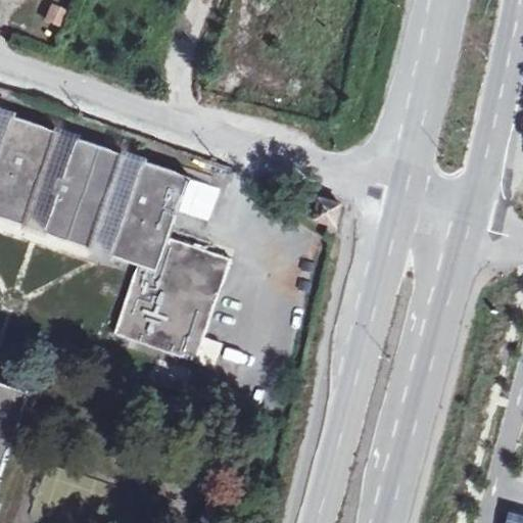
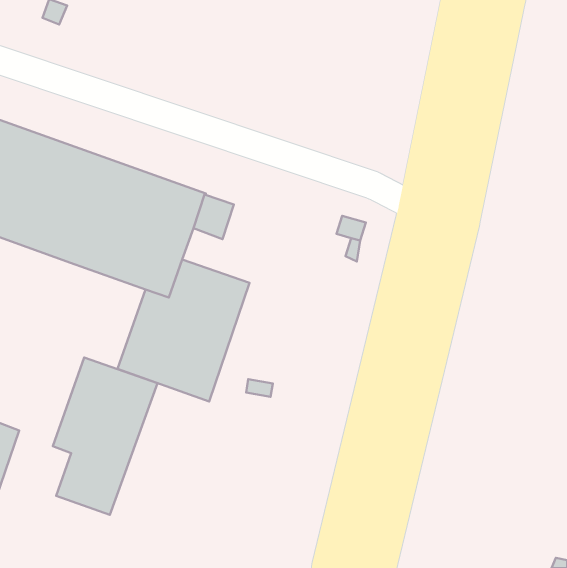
building: none -> [53,357,157,515]

